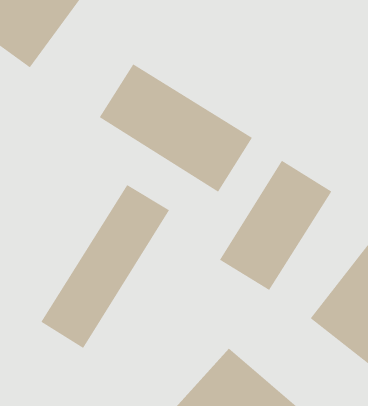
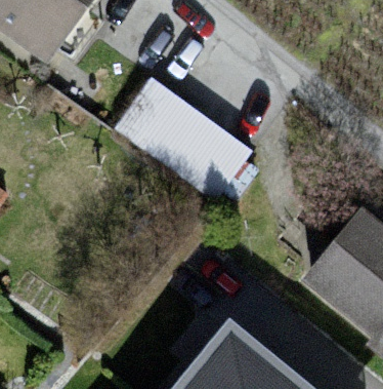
building: [219,160,332,291] -> none
building: [41,184,170,349] -> none

